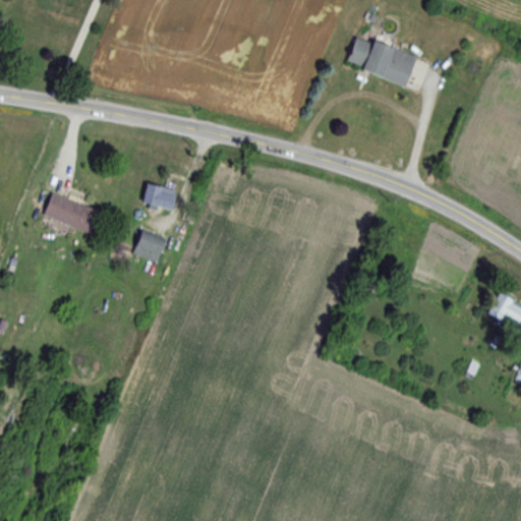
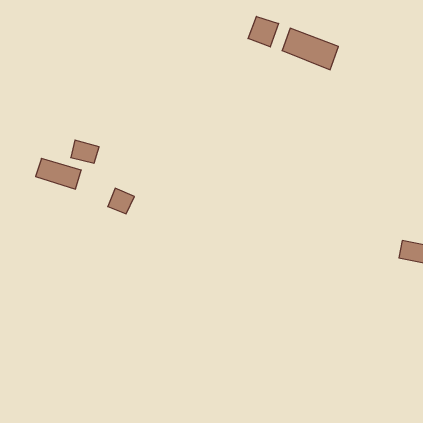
building: none -> [248,16,279,47]
building: [142,182,177,211] -> [71,140,99,163]

